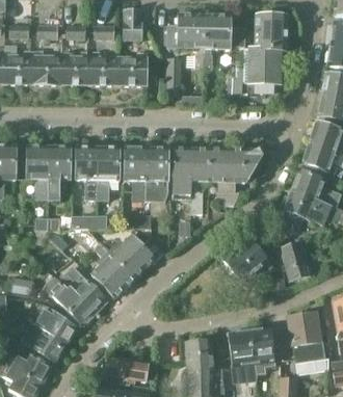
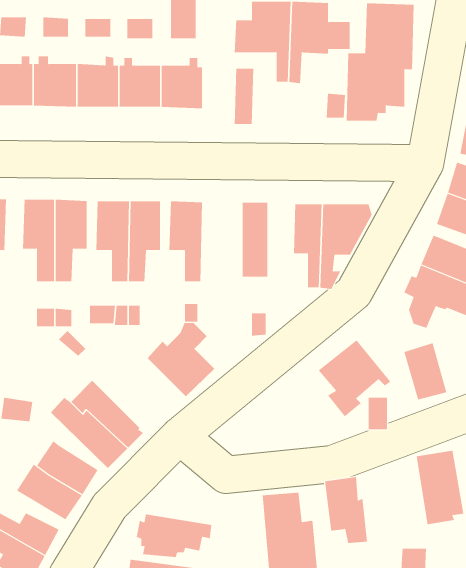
building: [146,148,168,201] -> none
building: [190,148,208,216] -> none
building: [91,242,135,298] -> none
building: [249,327,275,374] -> none

